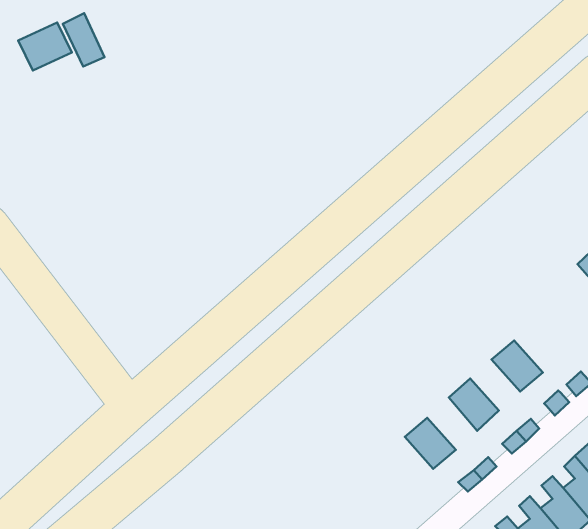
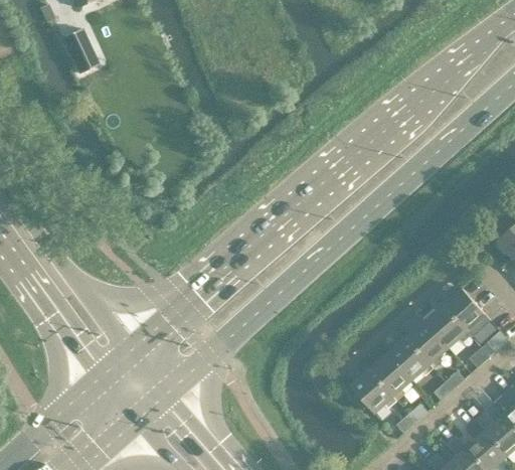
building: [18,23,72,70] -> none
building: none -> [444,288,491,337]
building: none -> [406,321,449,364]
building: none -> [370,353,412,398]

